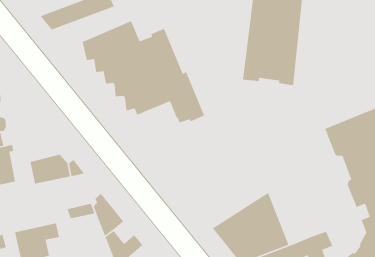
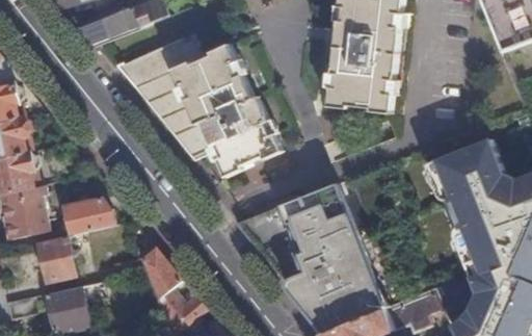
building: none -> [208,134,248,175]
building: none -> [235,186,357,289]
building: none -> [35,237,74,282]

